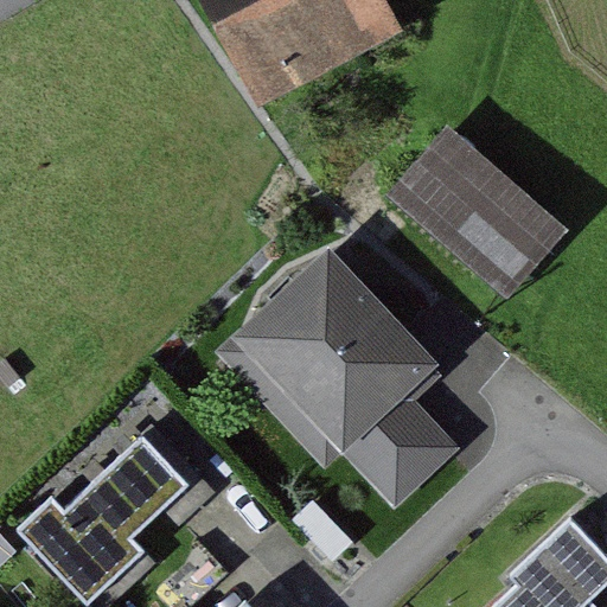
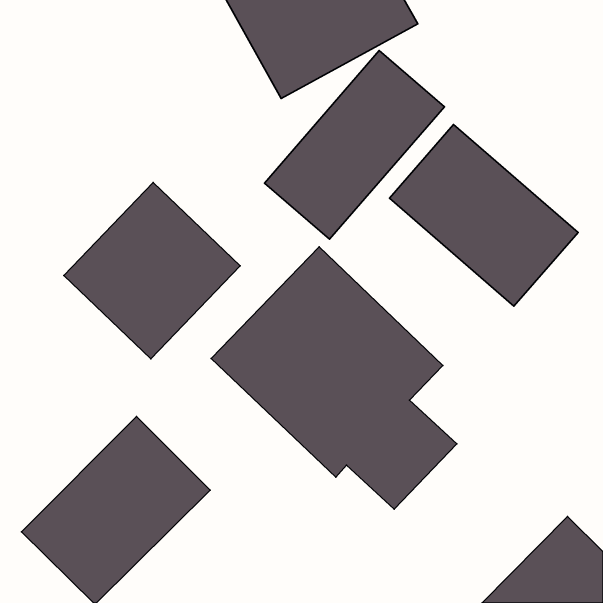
building: none -> [264,51,444,239]
building: none -> [64,183,240,359]

